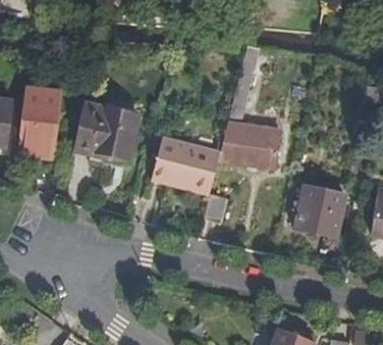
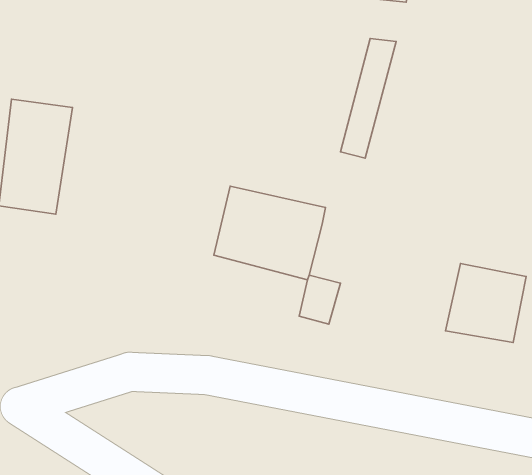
building: [72,104,140,161] -> none
building: [219,125,280,170] -> none

